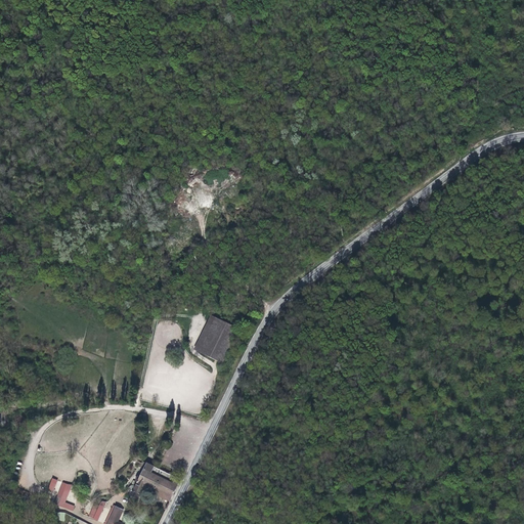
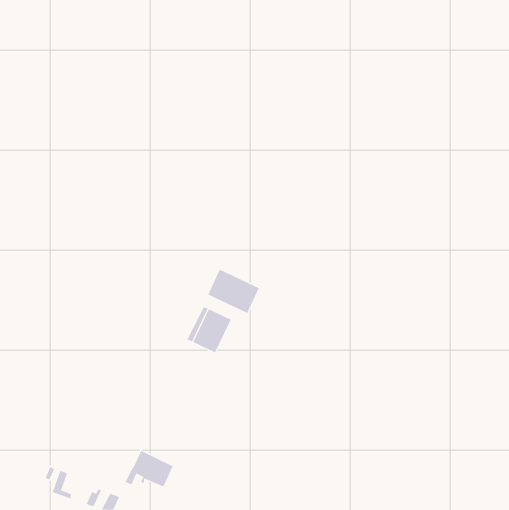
building: none -> [207,269,260,314]

